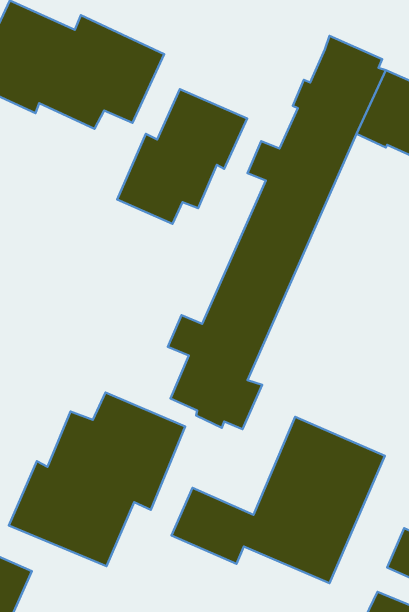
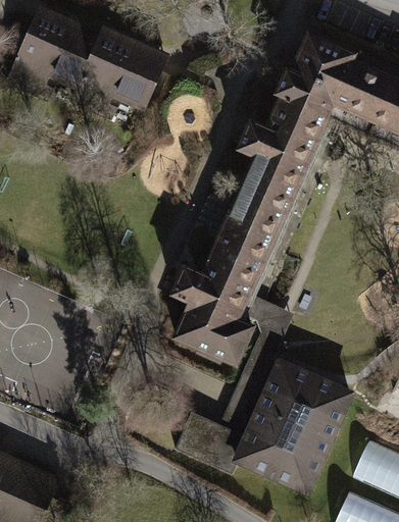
building: [117,89,247,224] -> none
building: [9,392,185,566] -> none

